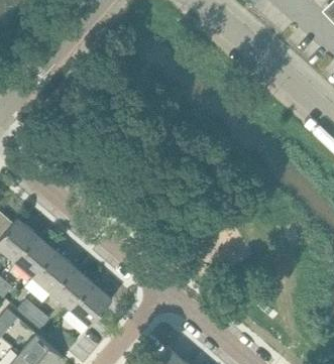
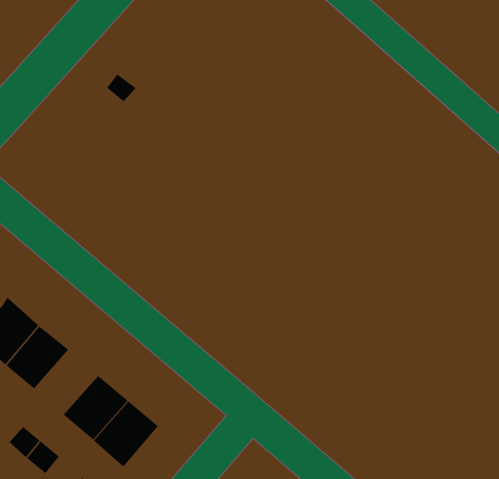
building: [23,251,74,304] -> none

